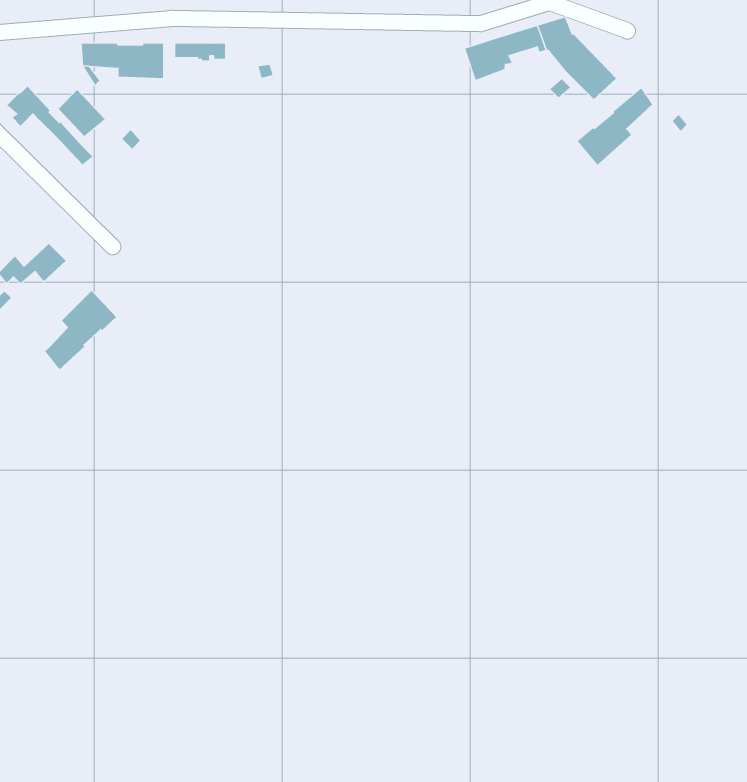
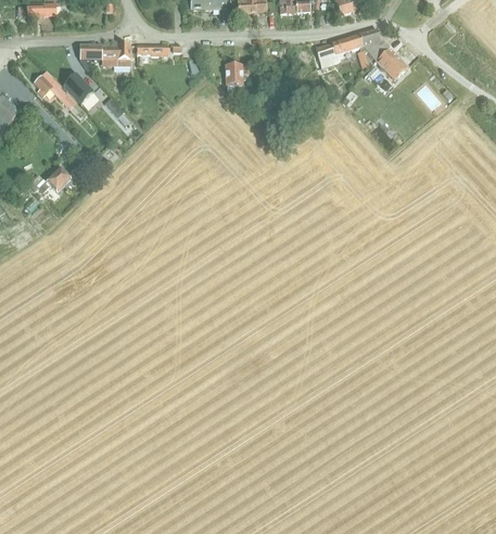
building: none -> [225,63,252,85]
building: [577,88,653,166] -> none
building: [44,290,117,370] -> none

